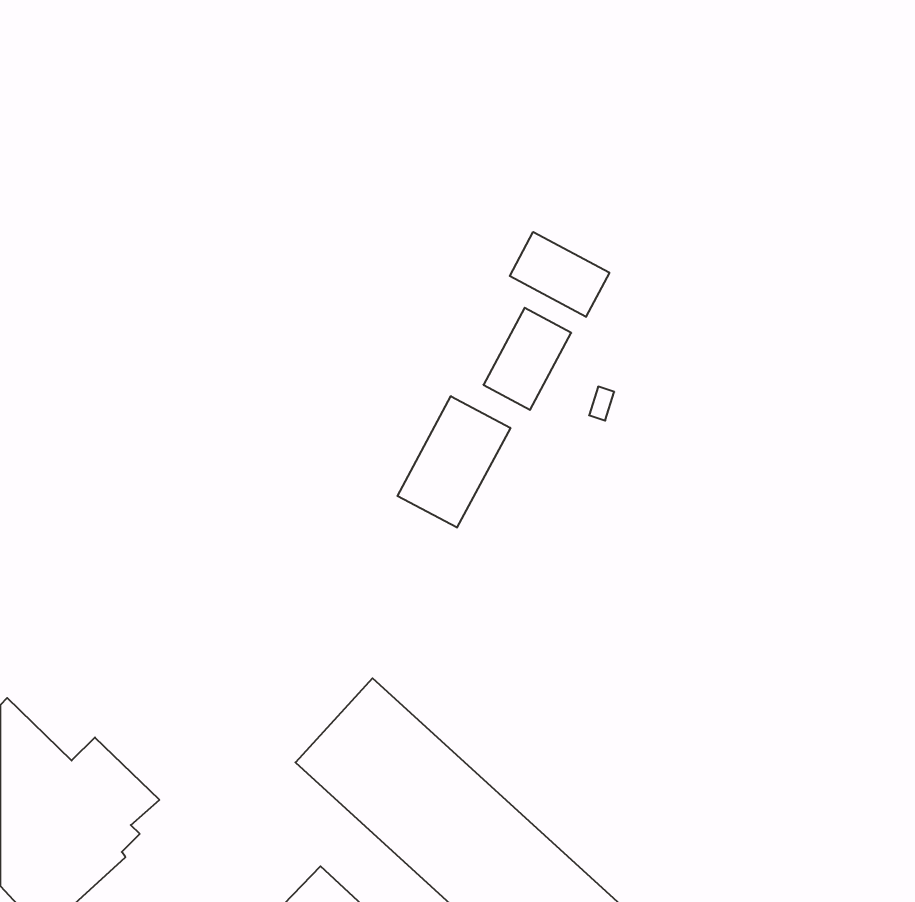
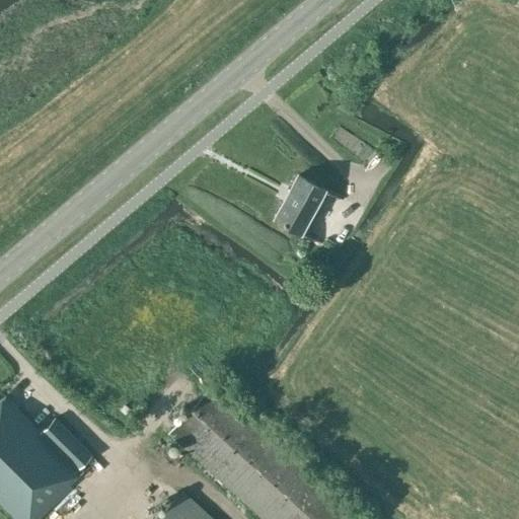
building: [510,232,609,317] -> none
building: [397,396,510,528] -> none

